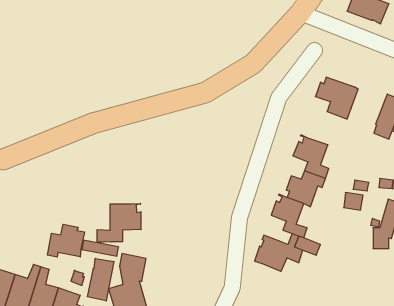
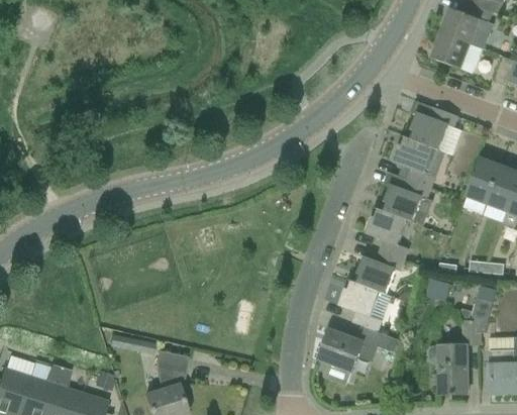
building: none -> [402,106,458,149]
building: none -> [384,179,433,225]
building: [97,203,141,242] -> none
building: [47,224,84,257] -> none
building: none -> [428,344,468,394]
building: [88,258,114,301] -> none

